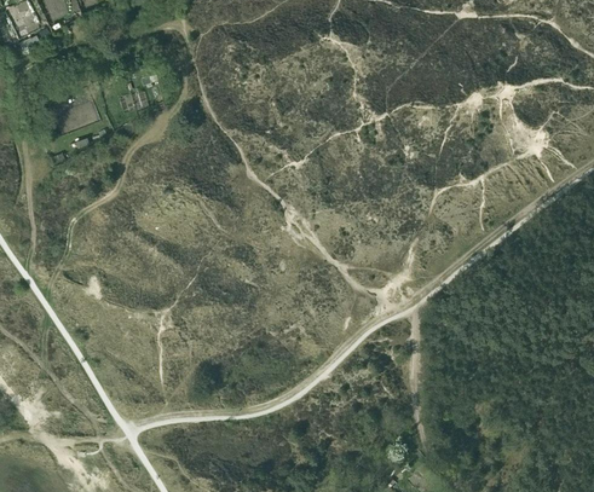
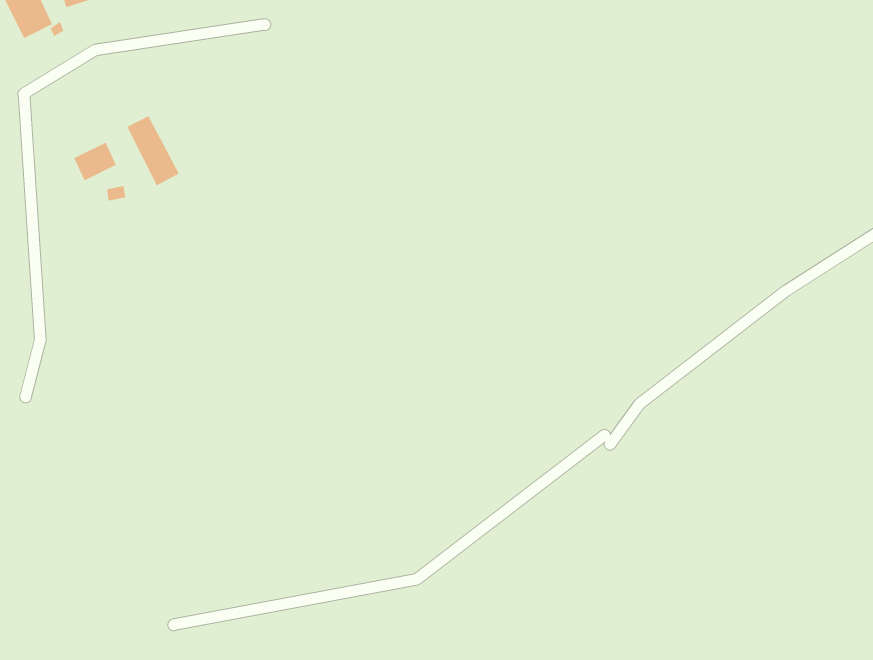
building: none -> [126,115,180,187]

